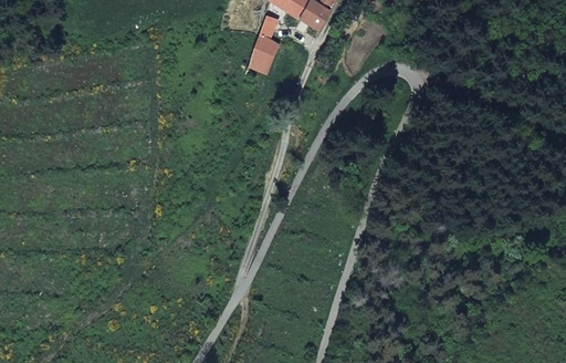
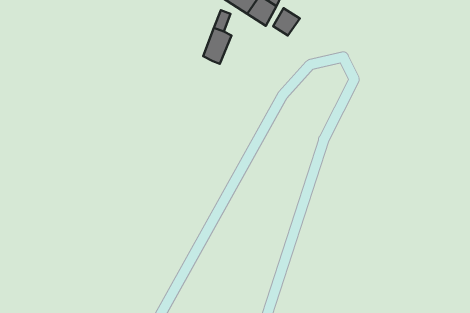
building: none -> [273,8,300,35]

